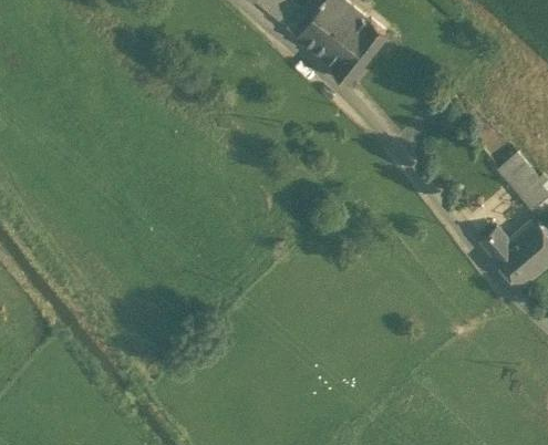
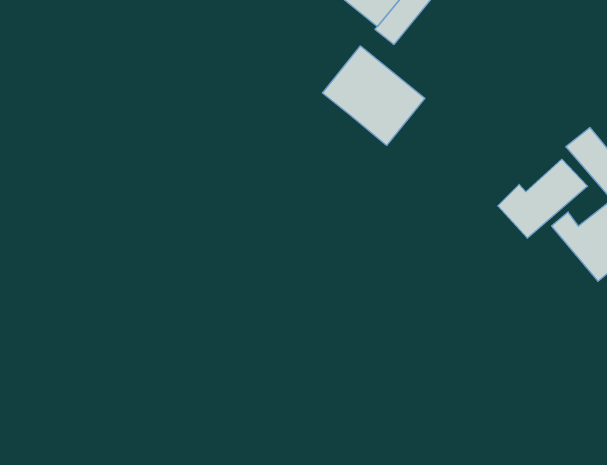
building: none -> [322,46,425,145]
building: none -> [498,159,588,238]

